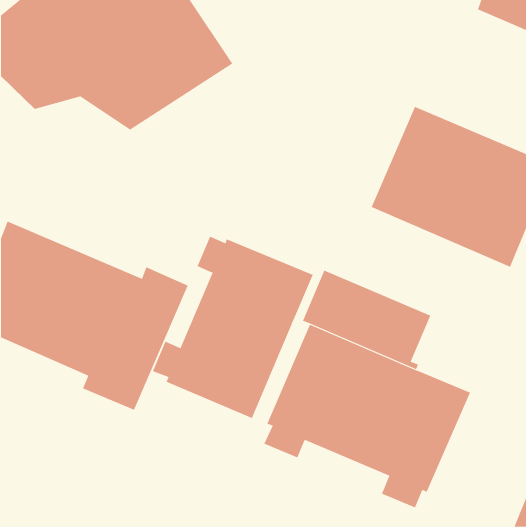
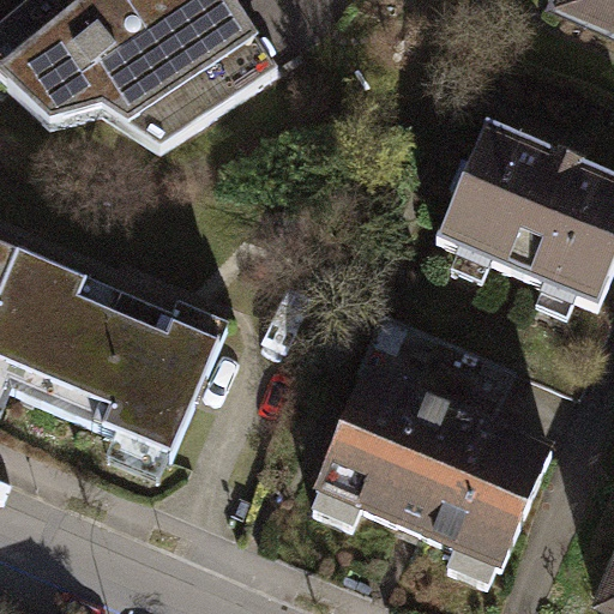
building: [152,236,313,419] -> none

